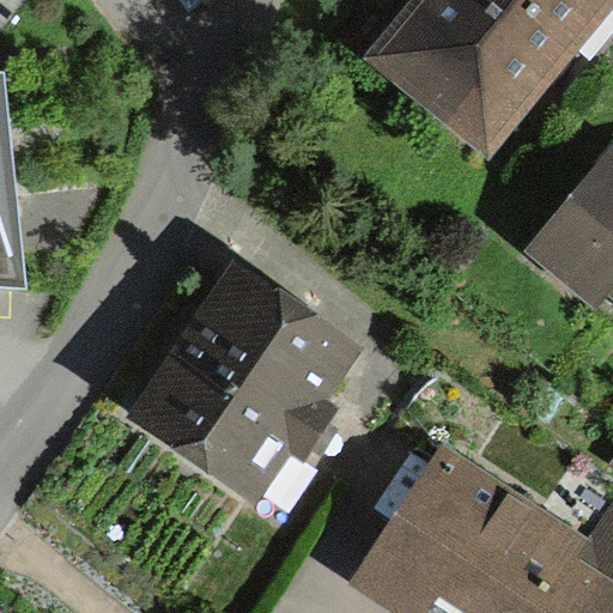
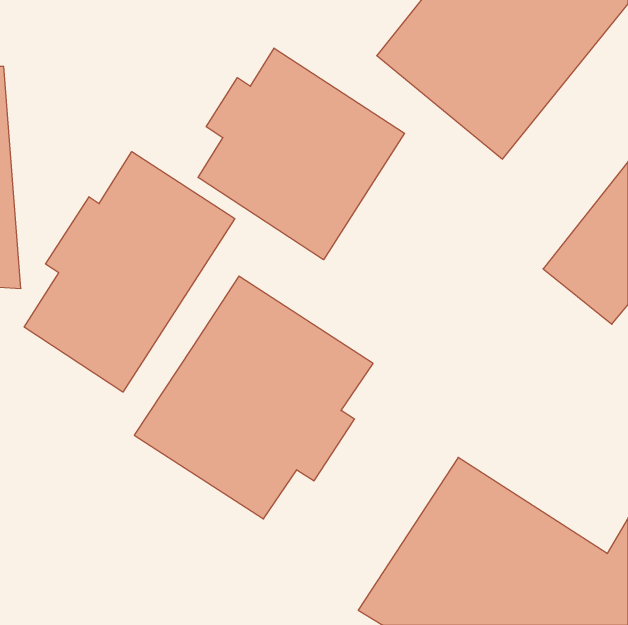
building: none -> [198,48,405,260]
building: none -> [24,152,235,392]

